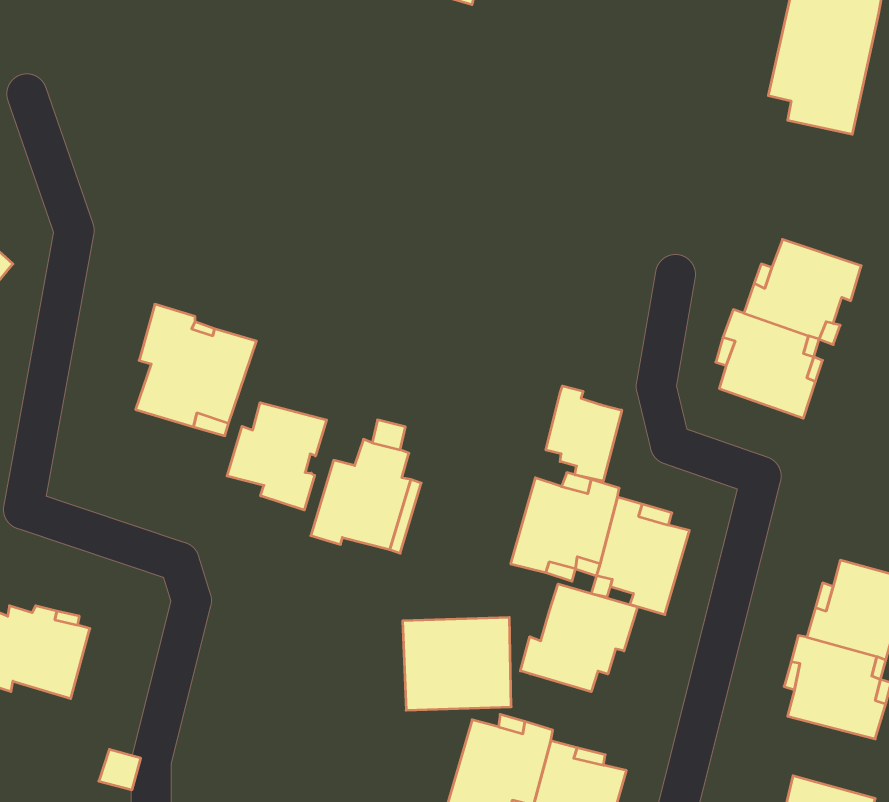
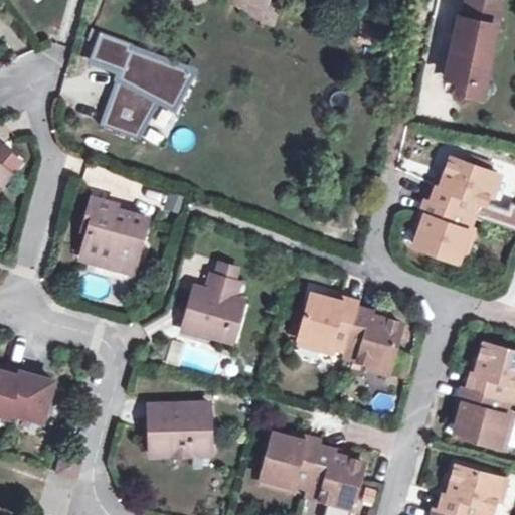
building: none -> [89,30,193,137]
building: [546,386,622,481] -> none
building: [227,403,327,510] -> none
building: [520,584,637,692] -> none
building: [403,617,511,710] -> [150,401,212,455]

